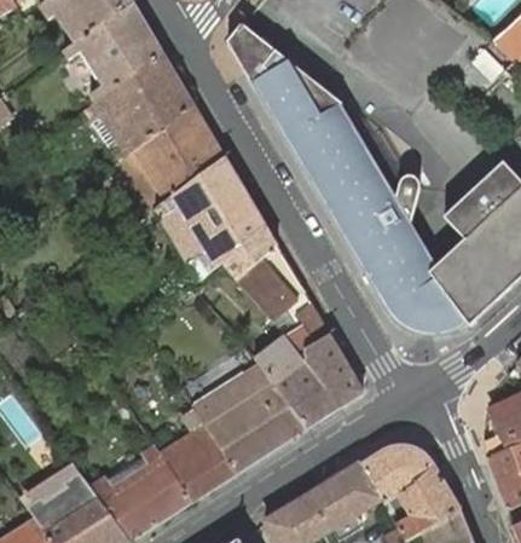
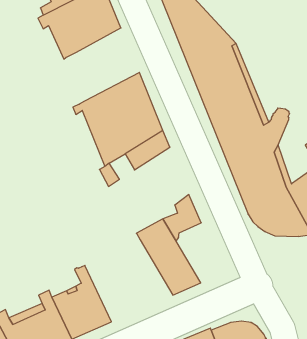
building: [117,103,225,212] -> none
building: [237,242,305,318] -> none
building: [302,330,363,405] -> none
building: [192,363,308,470] -> none

